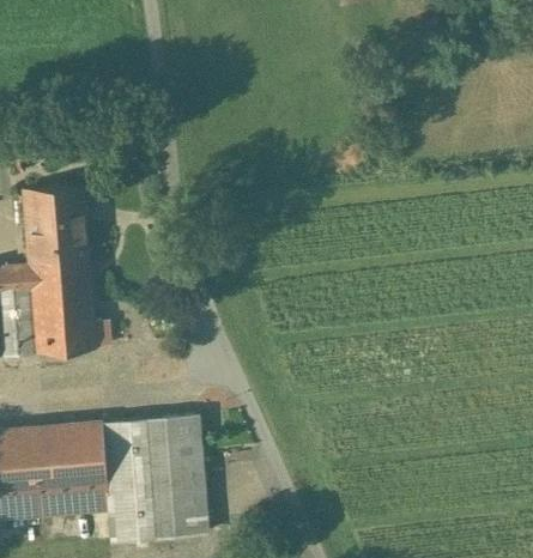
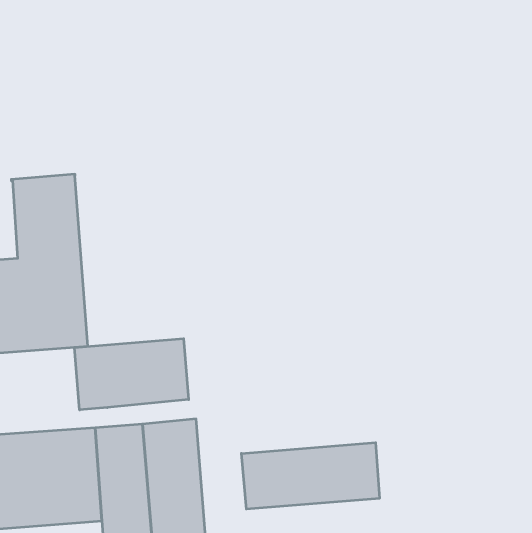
building: none -> [74,339,189,410]
building: none -> [241,443,379,509]

